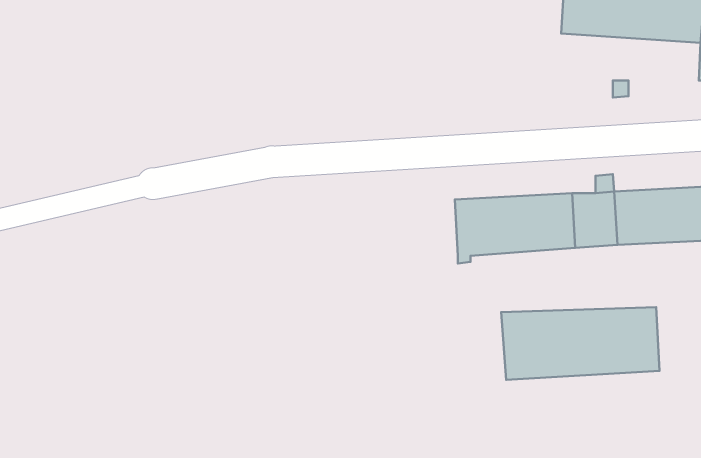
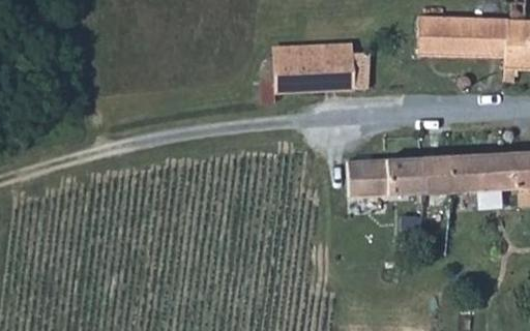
building: none -> [261,52,372,100]
building: [501,307,659,380] -> none

